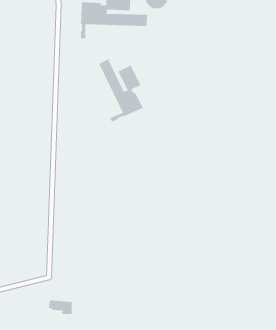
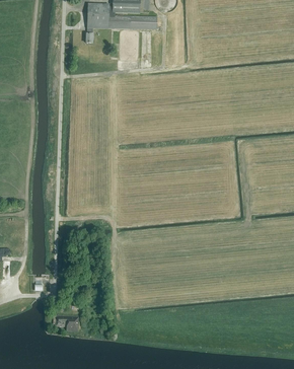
building: [98,58,144,123] -> none

